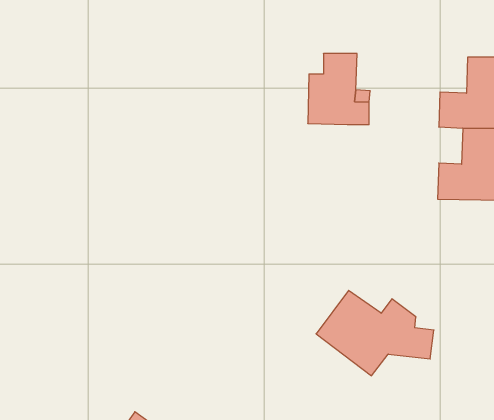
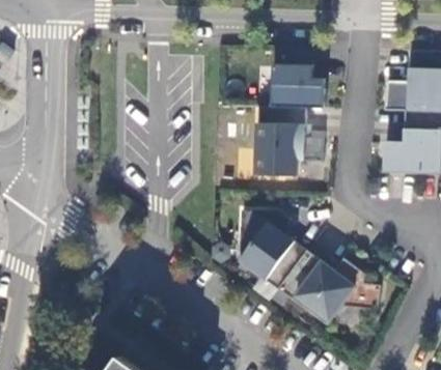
building: none -> [253,108,320,176]
building: none -> [237,211,303,289]

